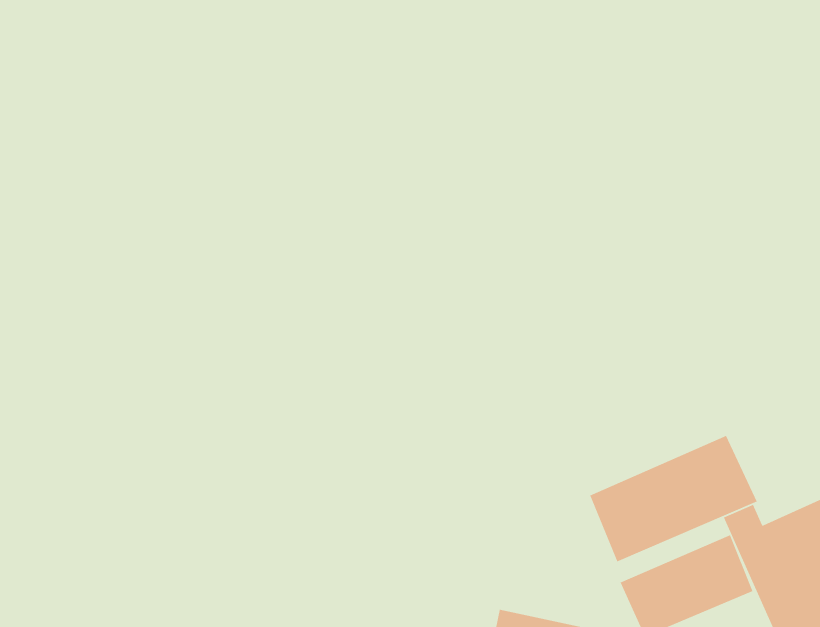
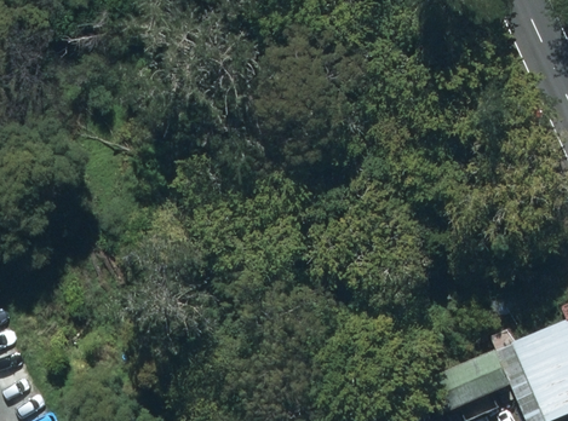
building: [589,435,758,563] -> none

